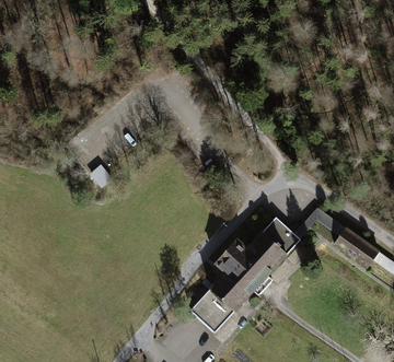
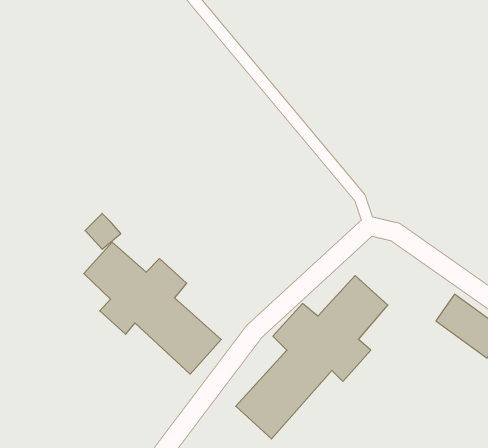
building: none -> [84,242,221,374]

